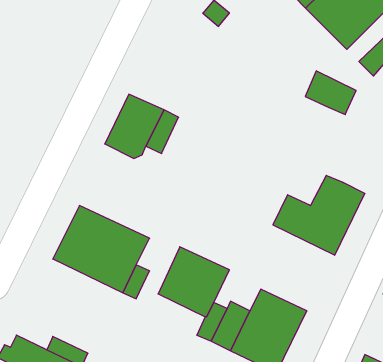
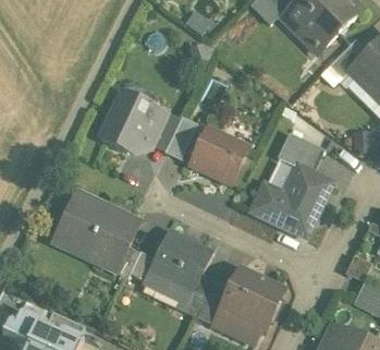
building: [305,71,356,115] -> [278,133,323,172]
building: none -> [162,116,196,159]
building: none -> [189,129,245,182]

